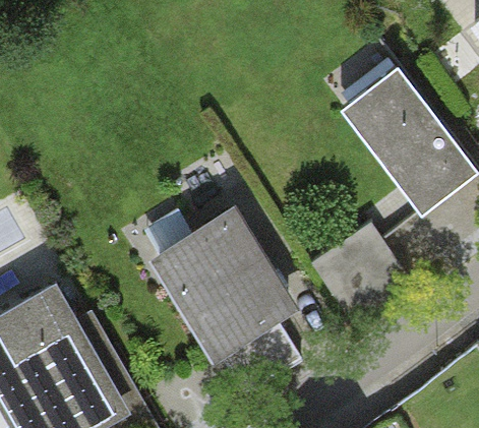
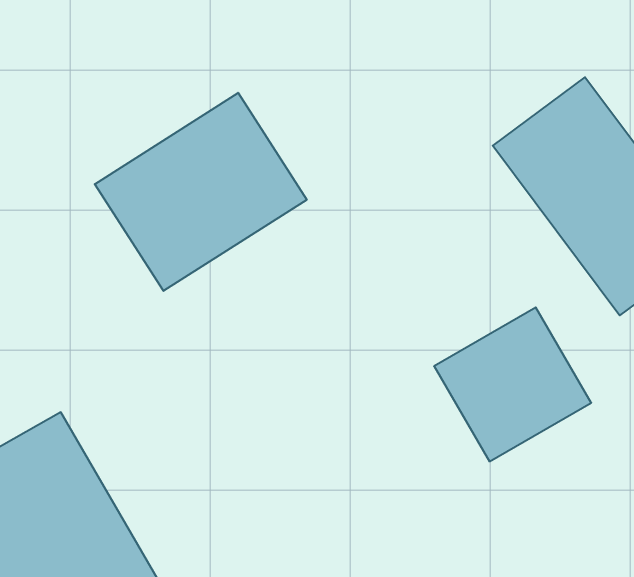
building: none -> [95,93,307,291]
building: [148,208,297,364] -> none

